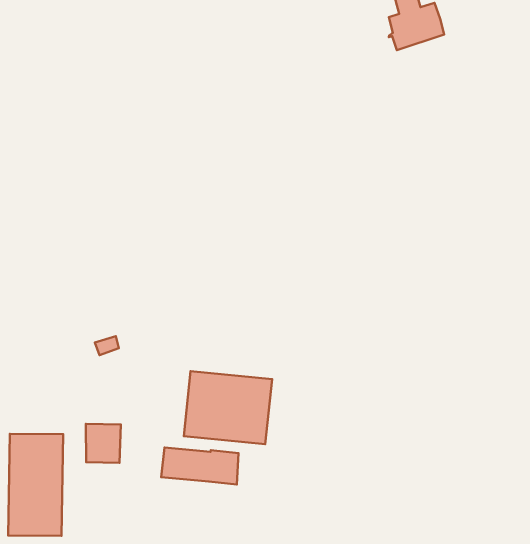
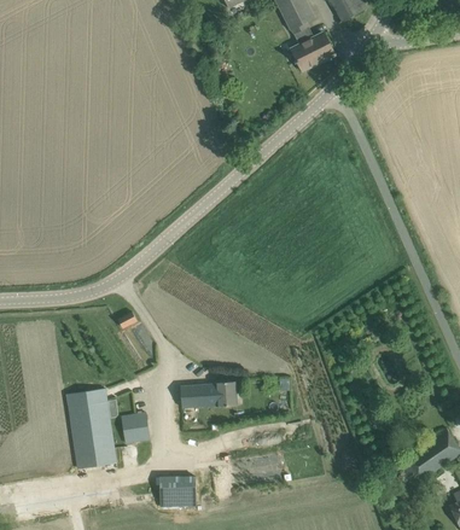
building: [184,371,272,444] -> none
building: [86,424,121,463] -> [121,412,150,443]

